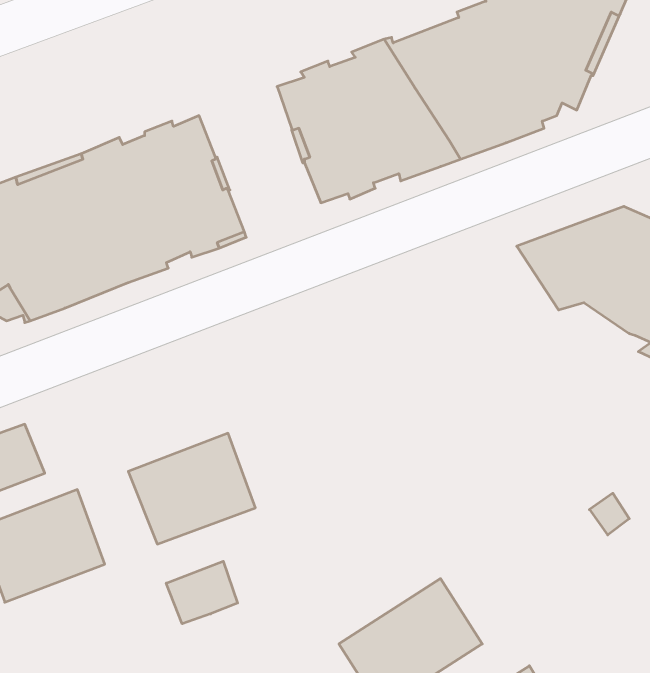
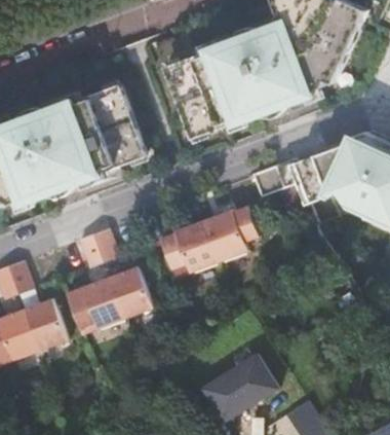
building: none -> [250,159,322,203]
building: none -> [158,207,257,270]
building: none -> [77,230,116,269]
building: [166,561,238,624] -> none

